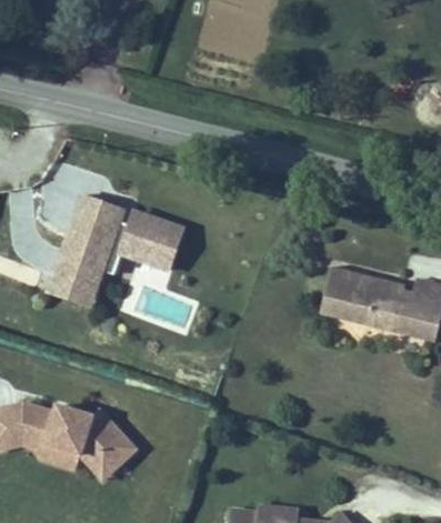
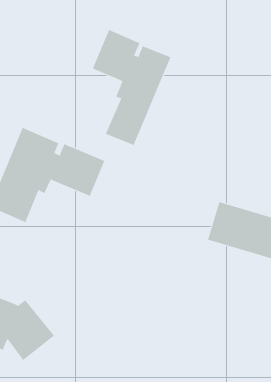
building: none -> [92,29,171,146]

